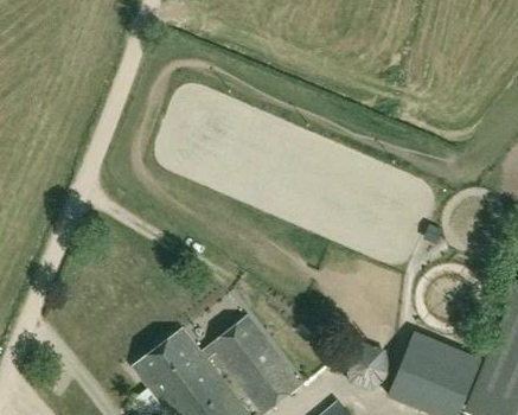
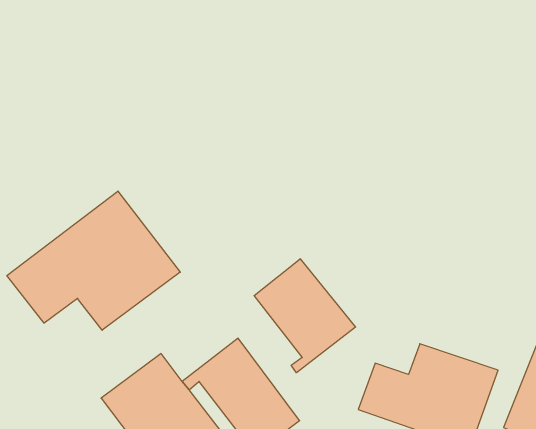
building: none -> [7,191,180,330]
building: none -> [254,259,356,373]

